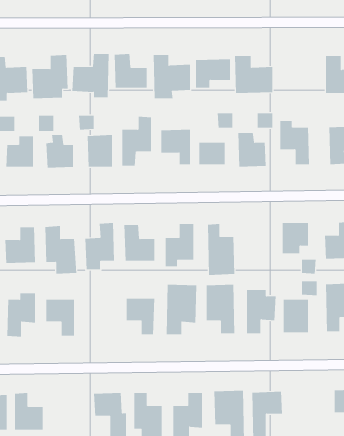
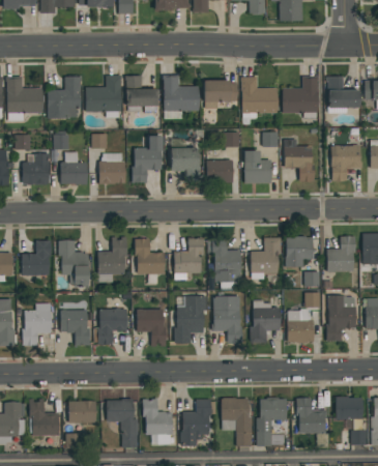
building: none -> [282,77,318,113]
building: none -> [251,237,280,273]
building: none -> [98,309,127,344]
building: none -> [297,398,325,433]
building: none -> [68,400,95,423]

